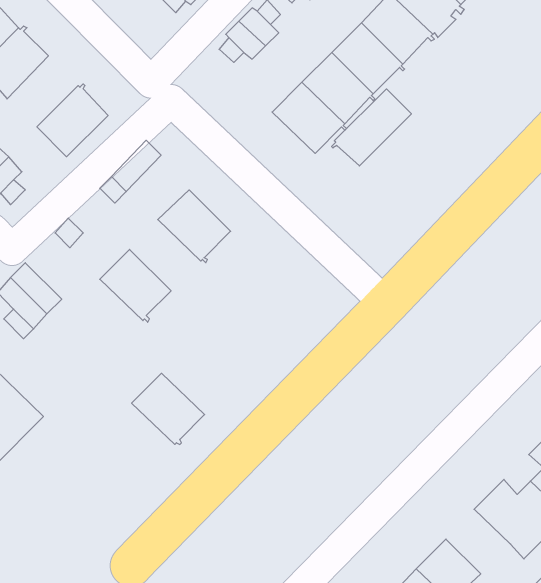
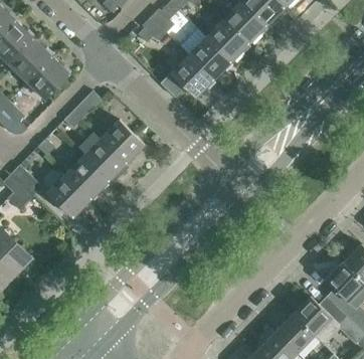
building: none -> [9,37,52,81]
building: [332,89,411,166] -> none
building: none -> [83,138,129,182]
building: [132,373,205,444] -> [47,174,92,217]
building: none -> [276,314,315,353]

